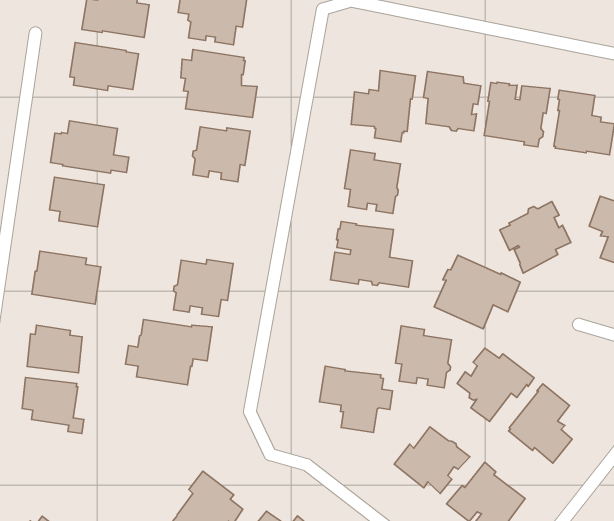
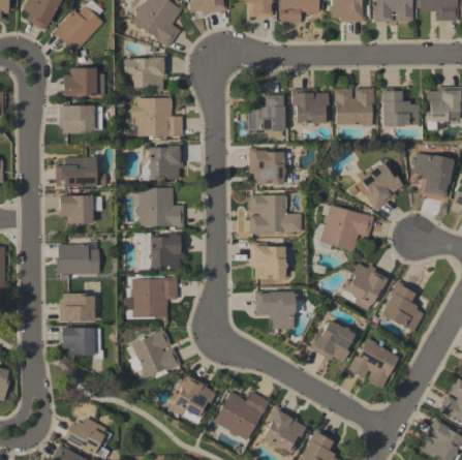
building: none -> [137,188,184,227]
building: [396,326,451,388] -> [251,243,287,279]
building: none -> [129,330,181,379]

